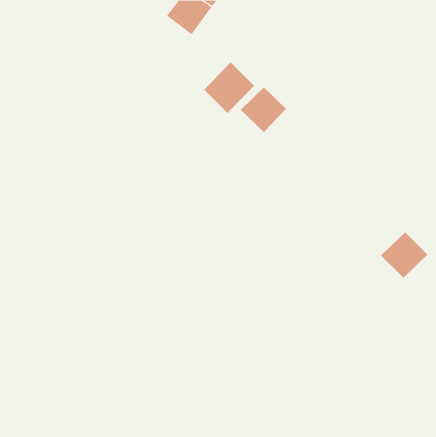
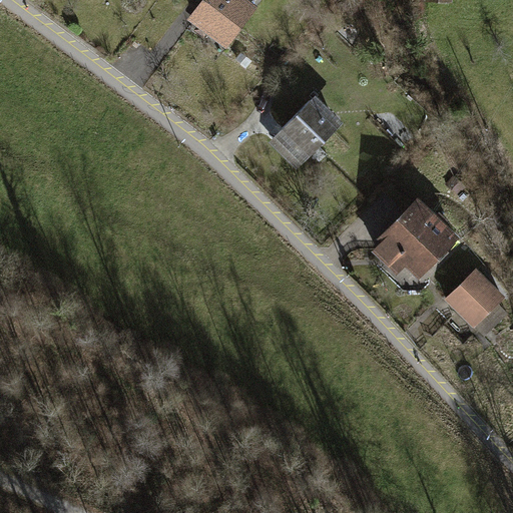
building: [203,62,255,114] -> none
building: none -> [375,205,450,272]

